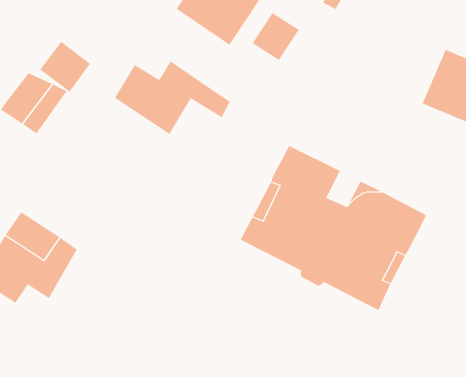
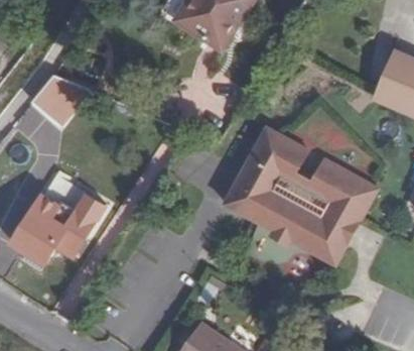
building: [252,12,300,61] -> none
building: [40,41,91,93] -> none
building: [114,60,230,135] -> none

